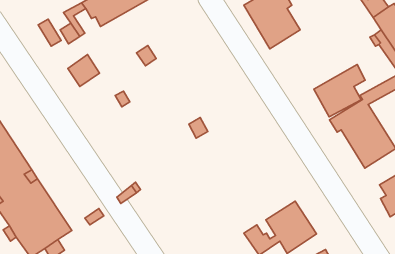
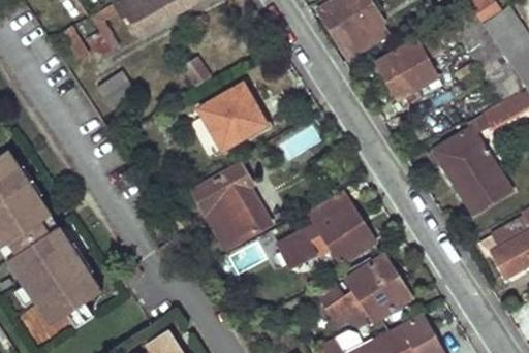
building: [314,64,365,117] -> [377,32,442,98]
building: none -> [199,84,267,149]
building: none -> [193,163,270,249]
building: none -> [278,192,375,267]

